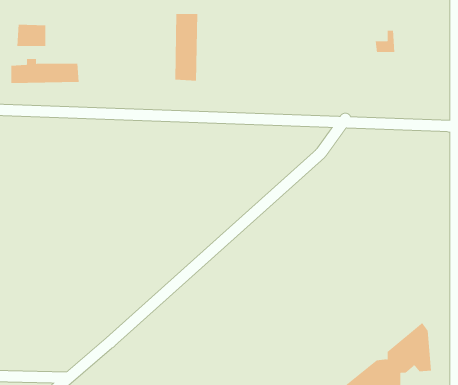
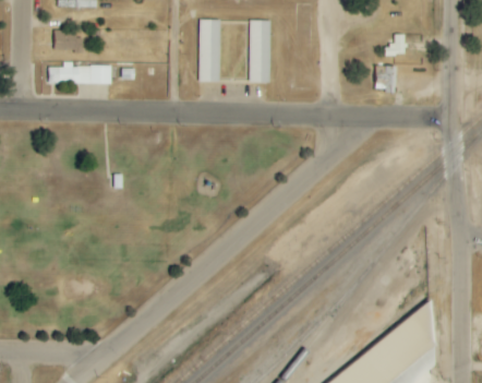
building: none -> [249,20,270,83]
building: none -> [374,65,395,91]

